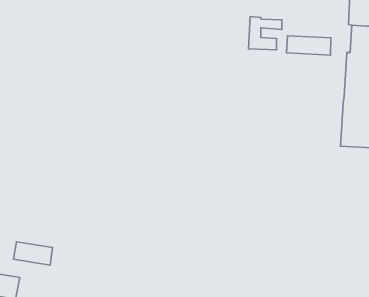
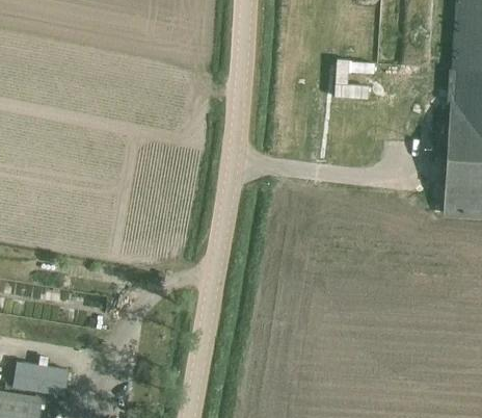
building: [286,36,331,55] -> none
building: [13,242,52,265] -> none

